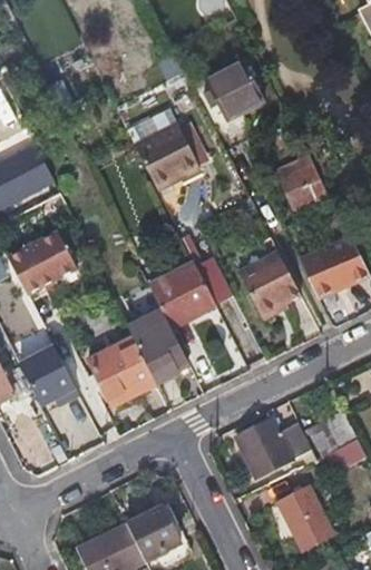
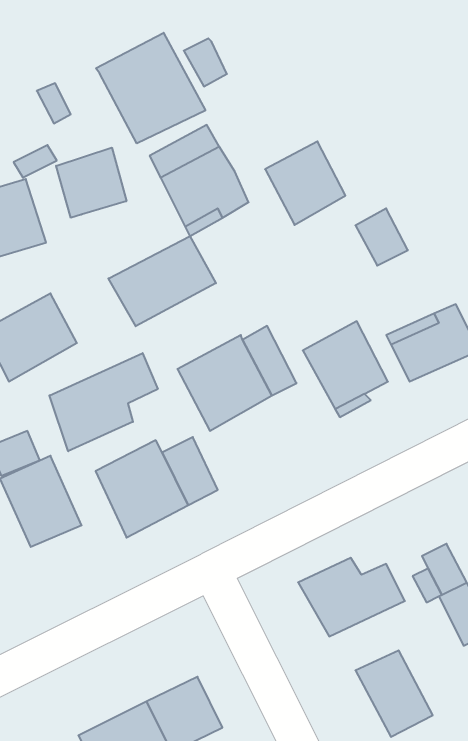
building: none -> [96,33,205,143]
building: [206,60,264,120] -> [265,141,345,225]
building: none -> [56,148,126,218]
building: none -> [108,236,216,326]
building: none -> [49,353,158,451]

